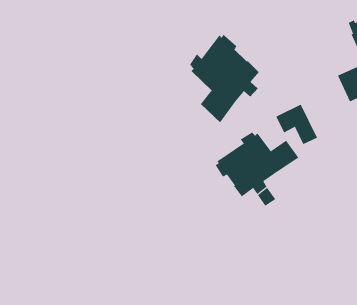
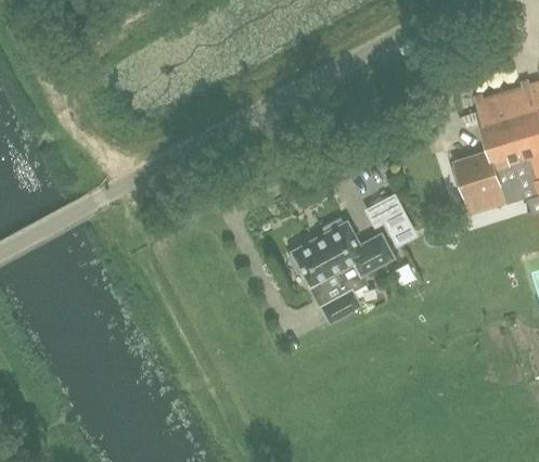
building: [189,34,260,123] -> none

